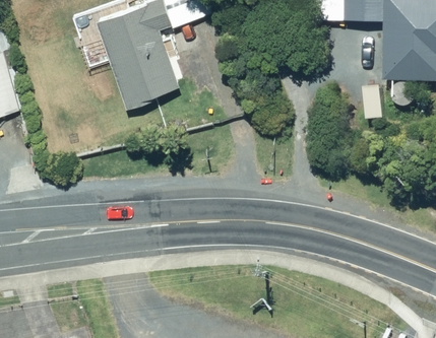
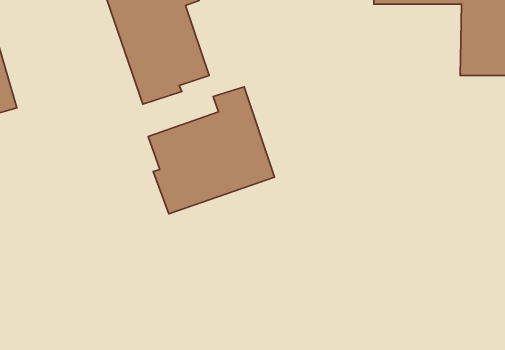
building: none -> [148,87,275,214]

